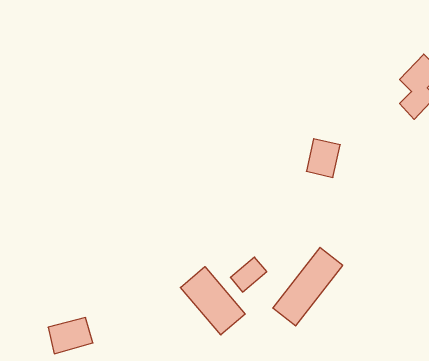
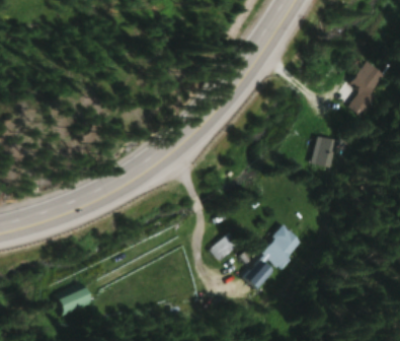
building: [306,139,340,177] -> [309,136,337,168]
building: [180,267,245,335] -> none

